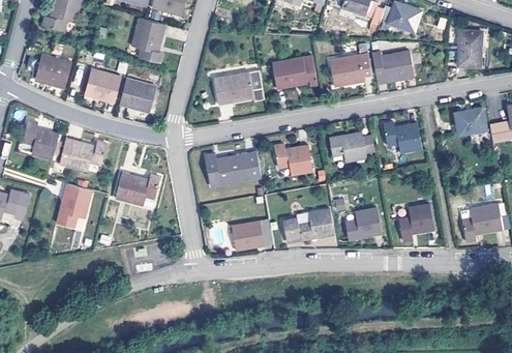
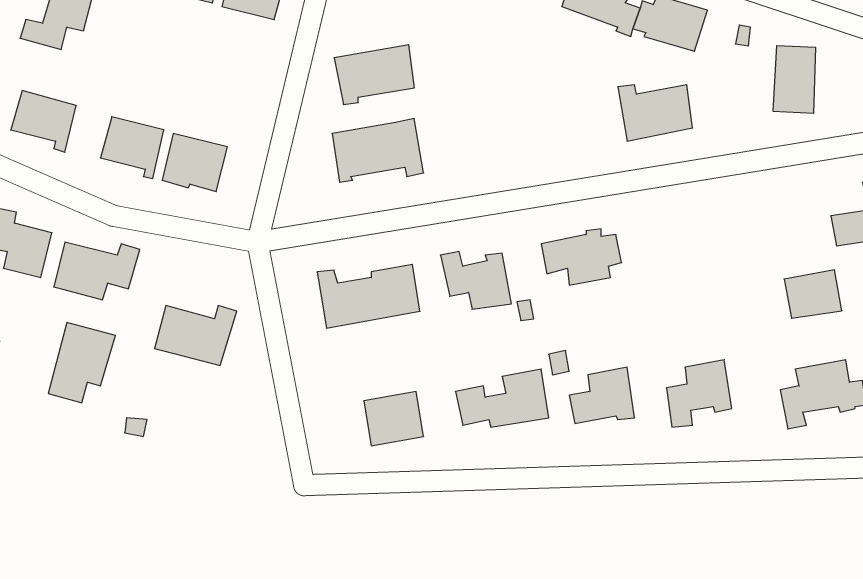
building: [131,18,164,63] -> none
building: [329,42,371,87] -> none
building: [271,56,315,89] -> [334,45,414,105]
building: [454,107,486,134] -> [784,270,842,318]
building: [383,121,421,152] -> none

